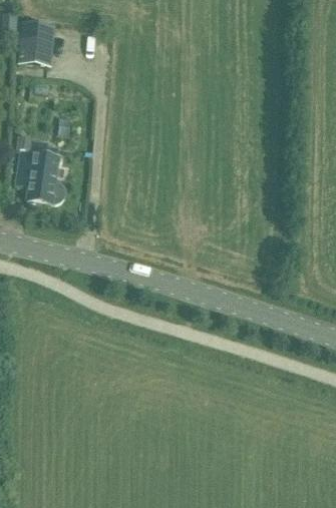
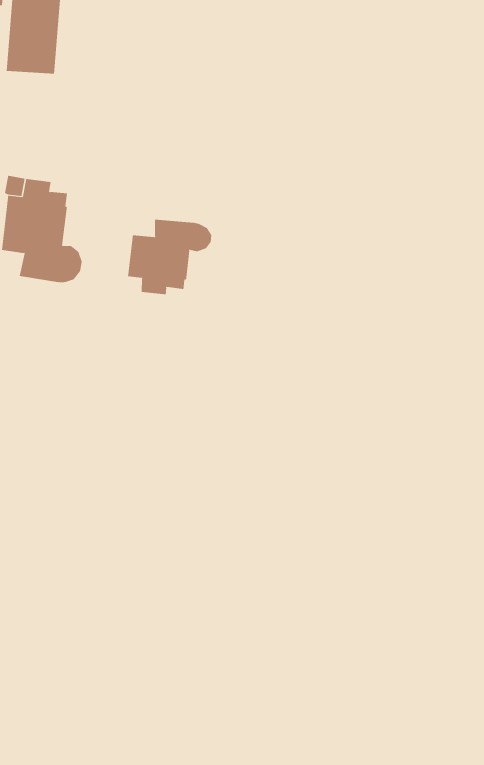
building: none -> [128,219,212,295]

